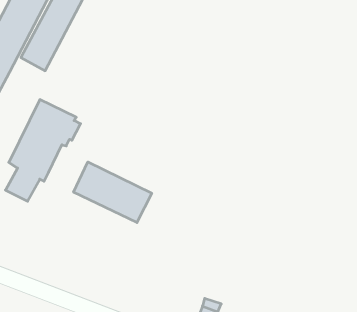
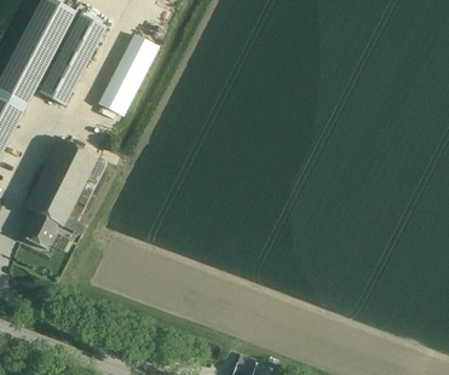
building: none -> [98,33,161,116]
building: [74,162,152,223] -> none

